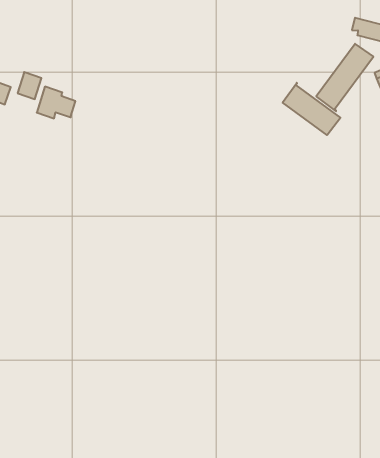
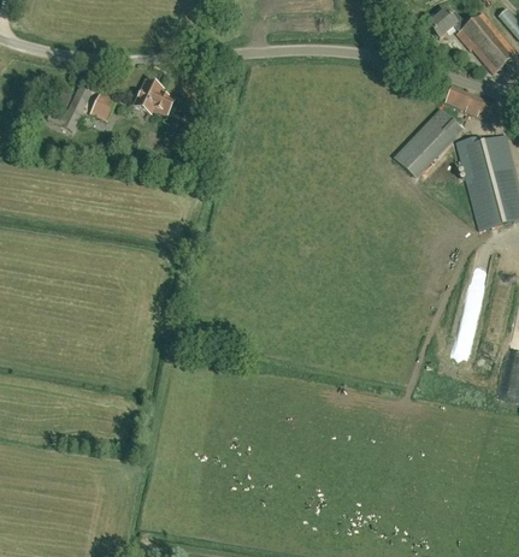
building: [283,83,340,135] -> none
building: [37,87,75,118] -> [134,79,175,114]

